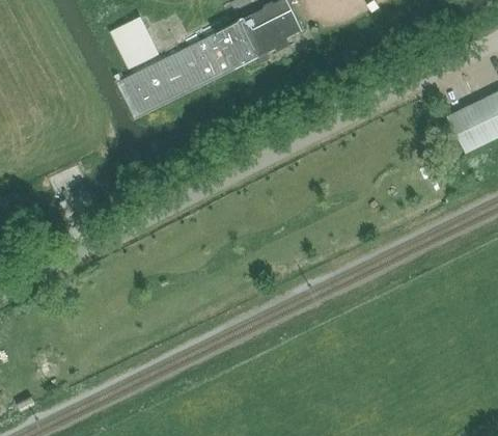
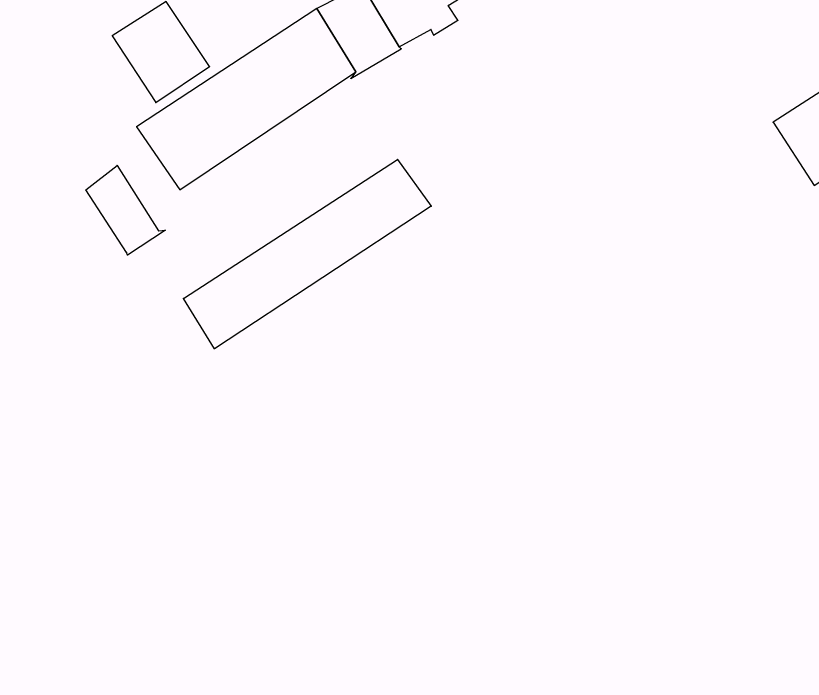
building: none -> [86,165,165,255]
building: none -> [183,159,431,349]

